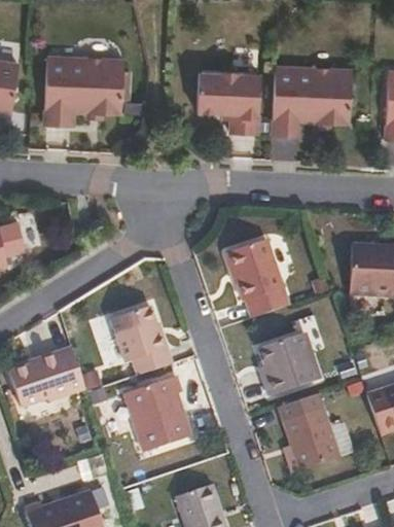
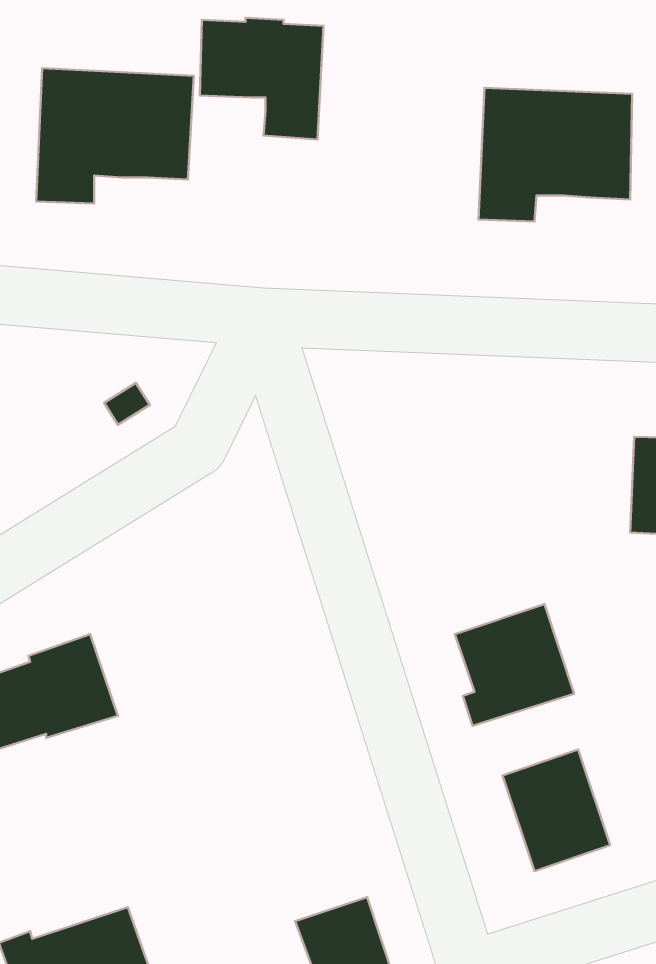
building: [196,71,260,134] -> [200,18,323,139]
building: [227,238,290,317] -> none
building: [112,306,173,375] -> none
building: [123,375,192,451] -> none

